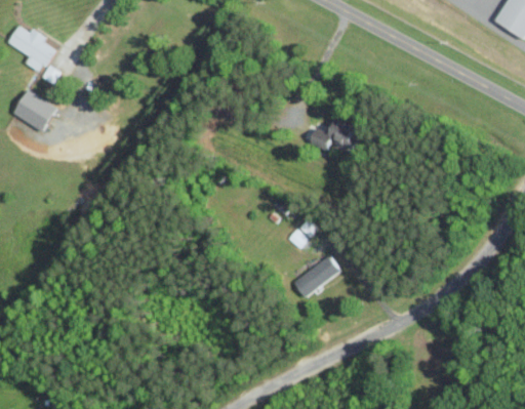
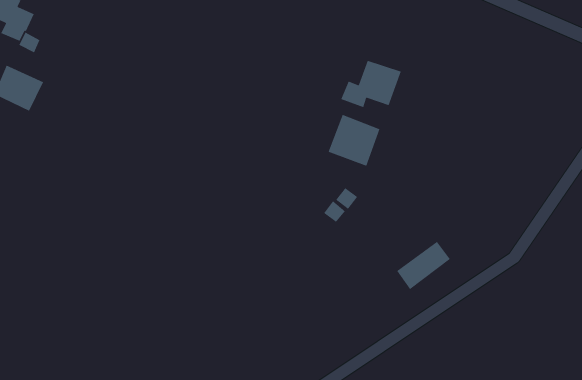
building: none -> [327,114,381,167]
building: [294,255,341,295] -> [396,241,451,290]

